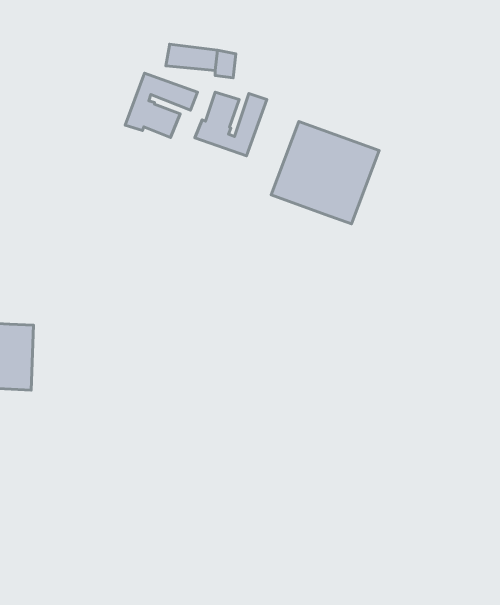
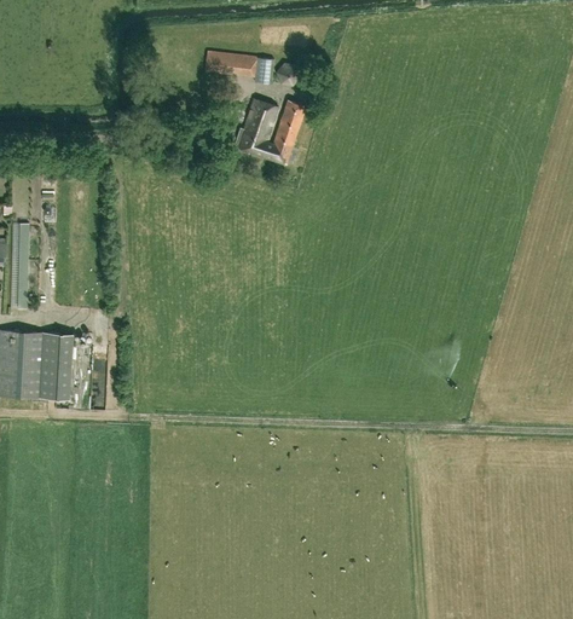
building: [125,73,197,137] -> none
building: [271,121,379,224] -> none

